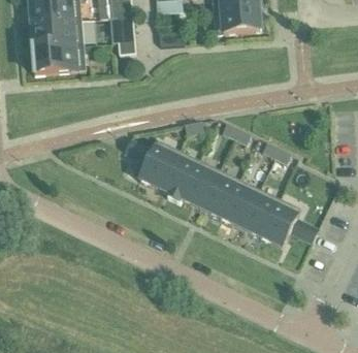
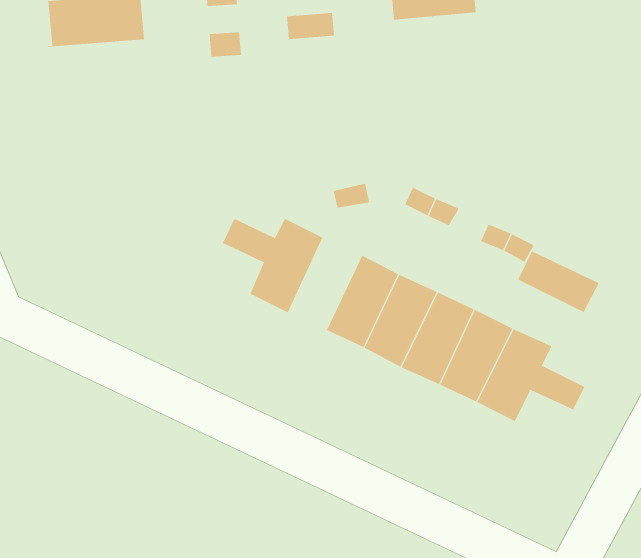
building: [31,44,85,74] -> none
building: [159,150,198,202] -> none
building: none -> [517,250,600,313]

